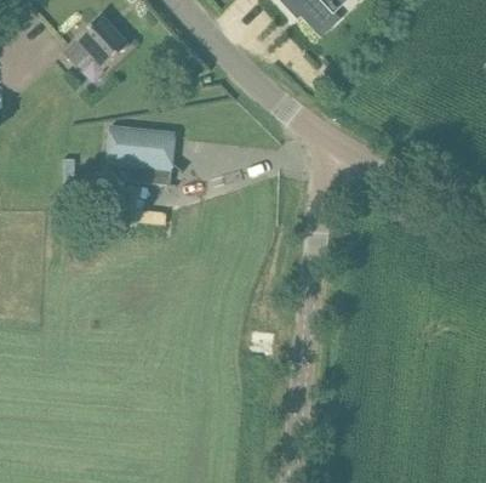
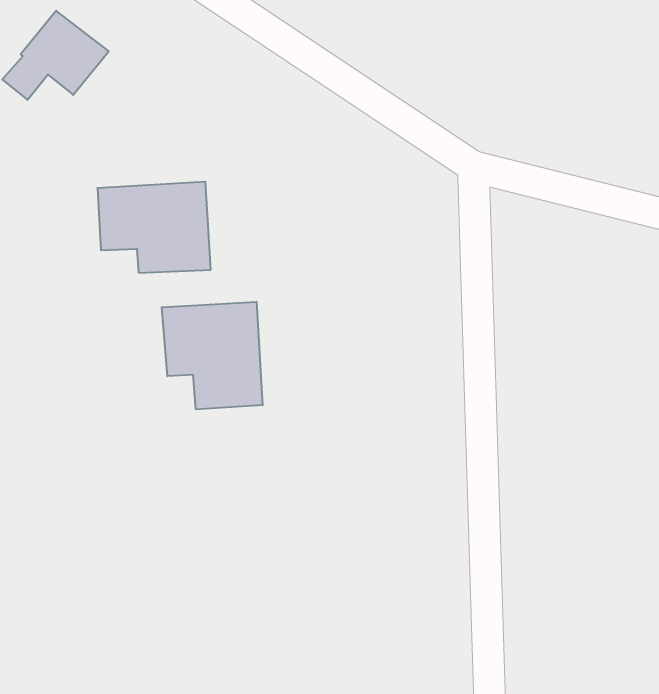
building: none -> [162,302,263,409]

